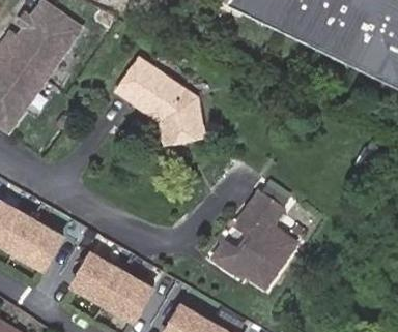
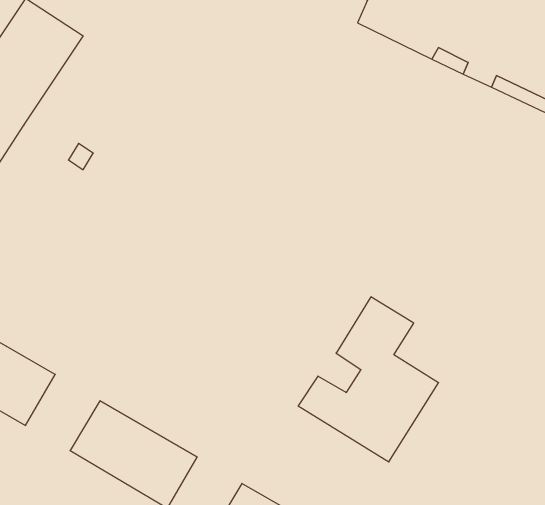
building: [120,58,207,143] -> none

